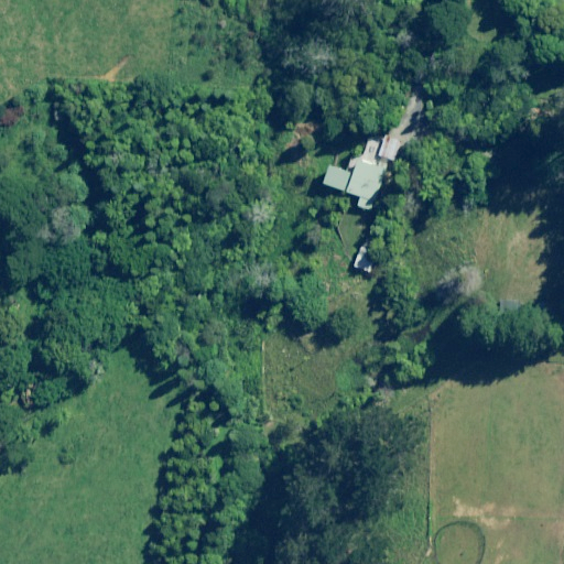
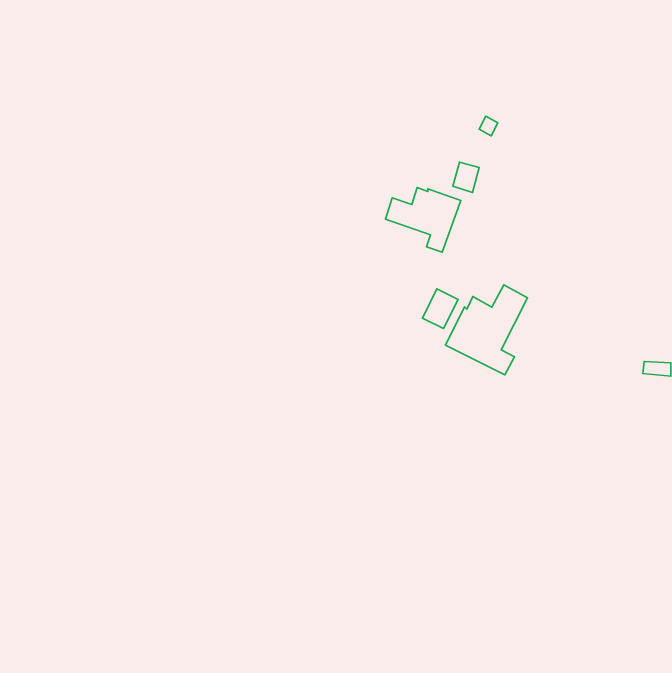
building: none -> [445,285,527,375]

